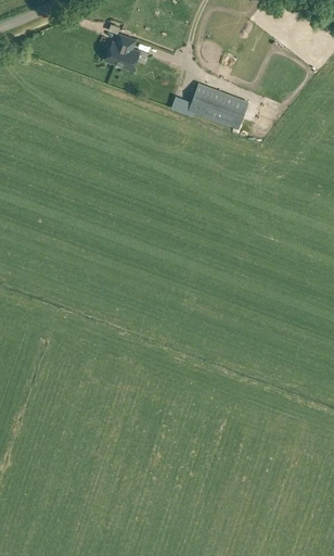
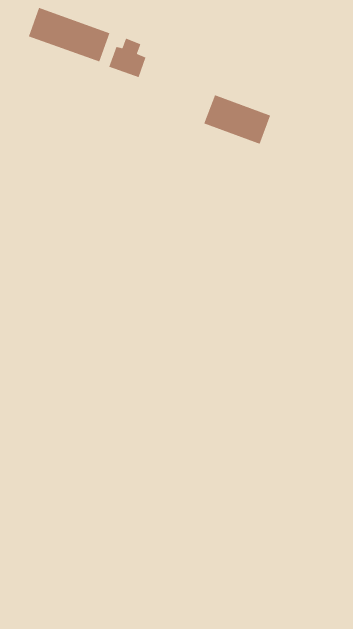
building: none -> [28,7,110,63]

